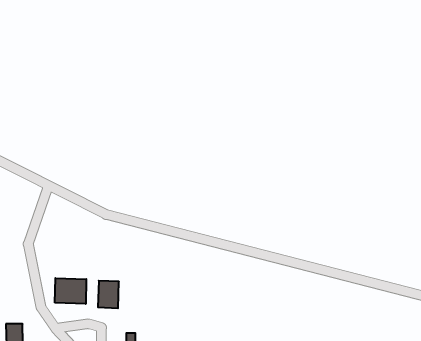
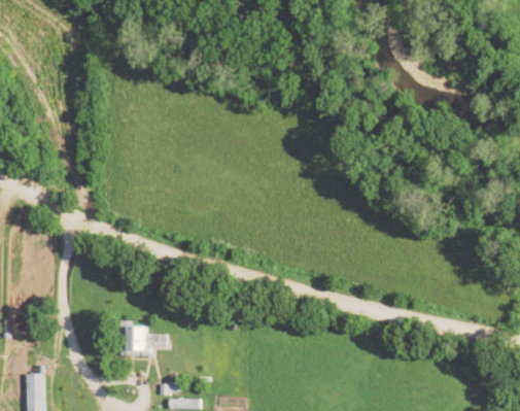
building: [55,278,86,304] -> none

